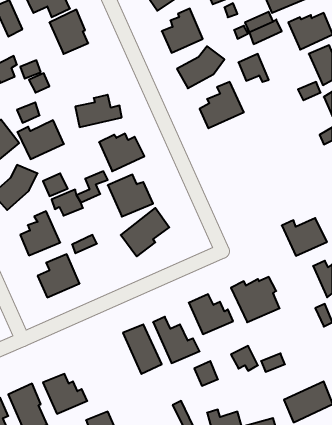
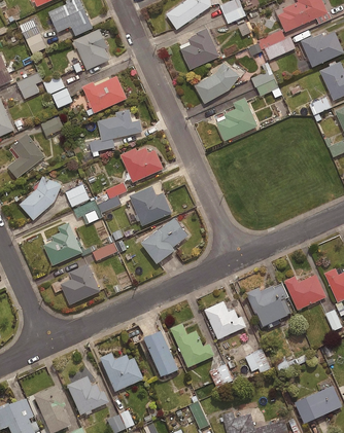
building: [17,120,64,159] -> [82,76,127,113]
building: [282,218,327,256] -> [284,275,328,311]
building: none -> [100,353,143,392]

